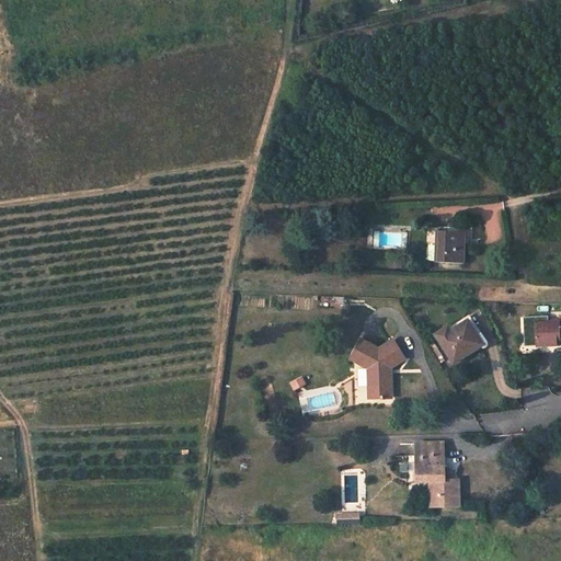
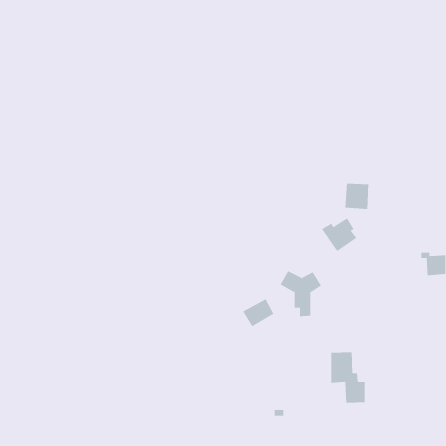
building: [434,320,479,363] -> [321,218,357,252]
building: none -> [243,298,274,327]

